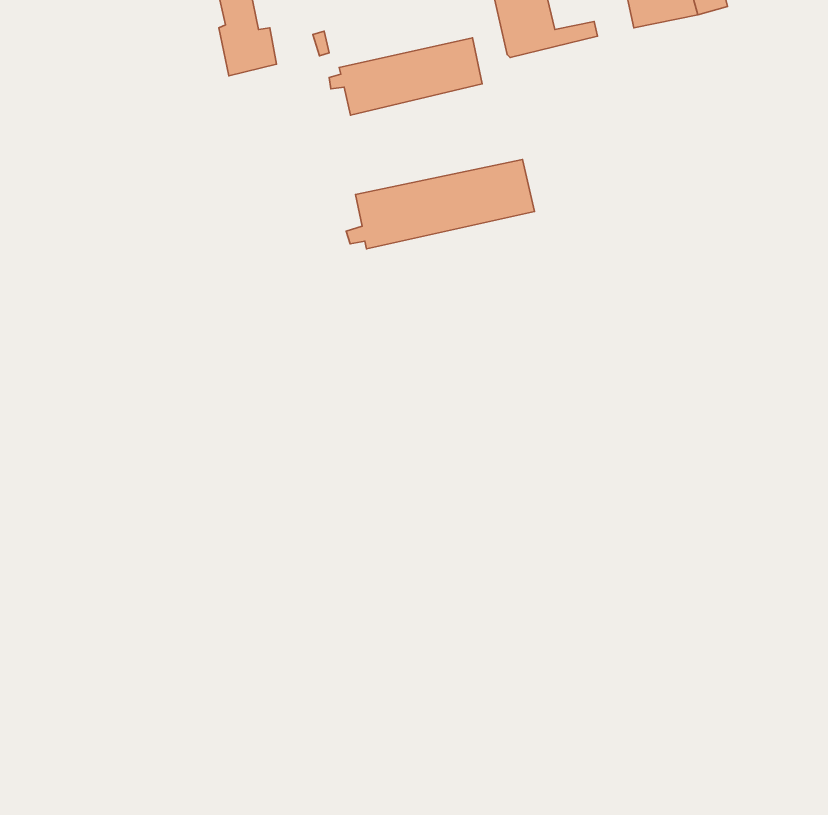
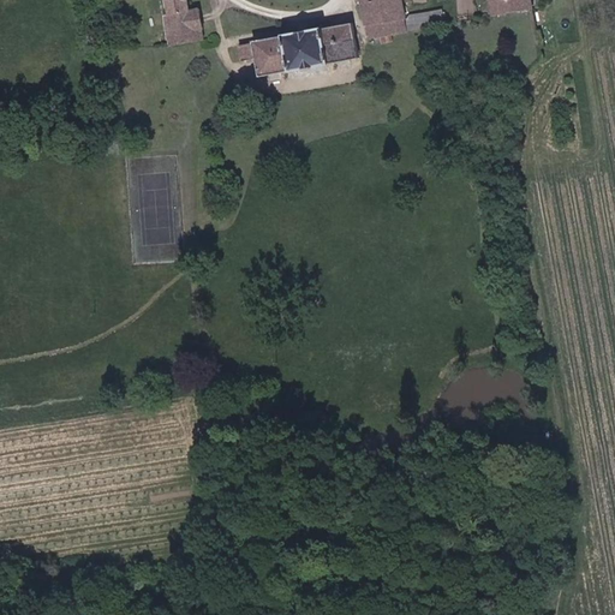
building: [346,160,534,249] -> none

